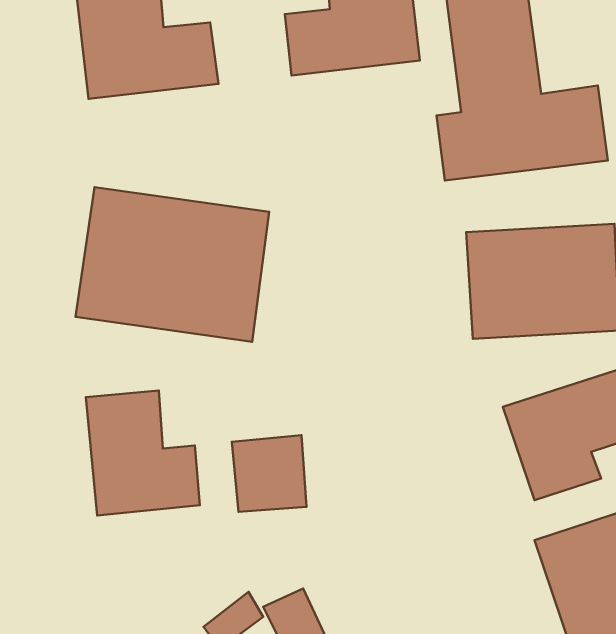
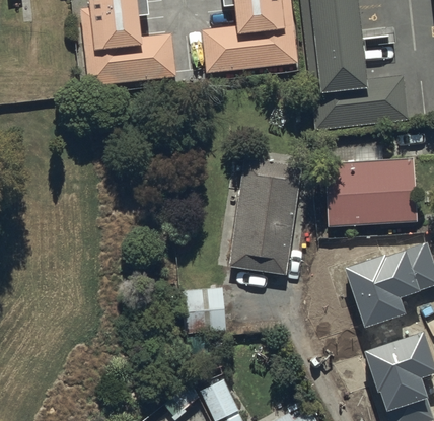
building: [75,187,269,342] -> none
building: none -> [228,158,302,275]
building: [86,390,200,516] -> none

